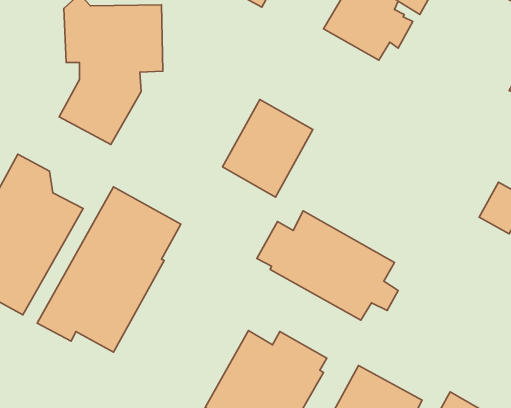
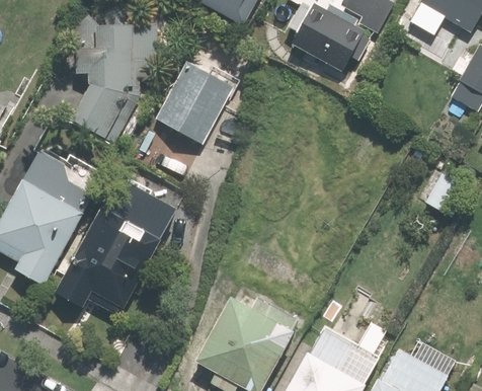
building: [222,99,313,197] -> [156,61,232,143]
building: [257,211,398,320] -> none

